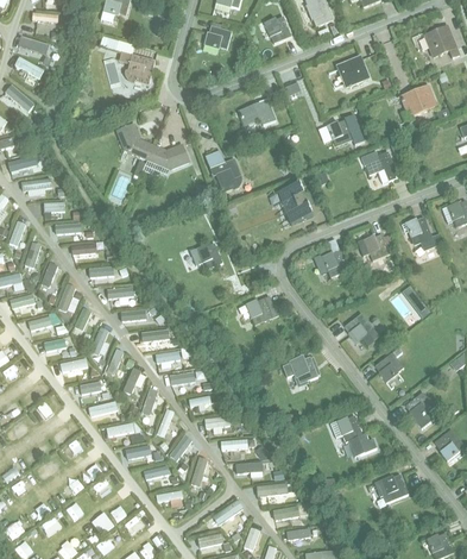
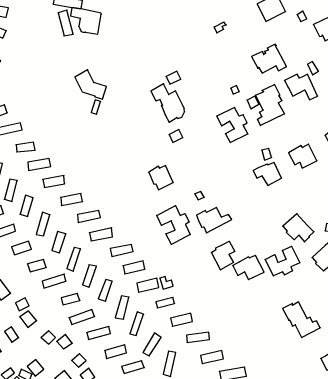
building: [239,98,274,125] -> none
building: [147,145,188,168] -> none
building: none -> [256,84,284,126]
building: none -> [157,206,190,244]
building: none -> [211,241,235,270]
building: none -> [265,246,300,276]

